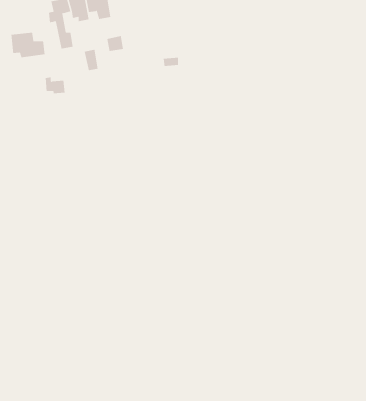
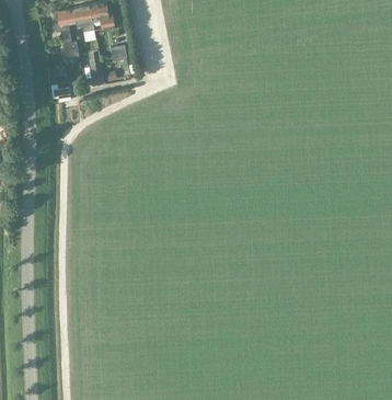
building: [11,32,45,58] -> none

